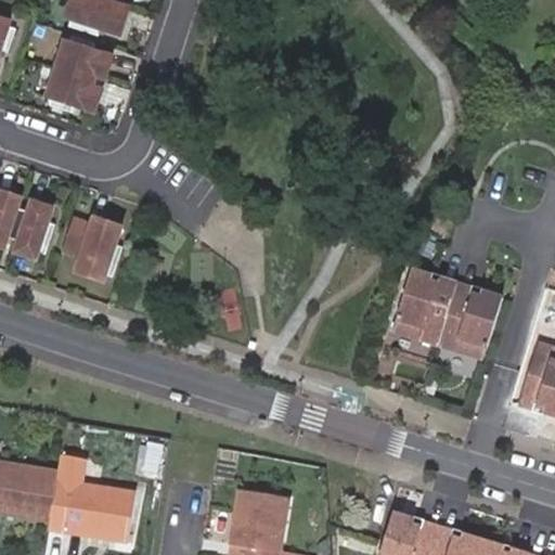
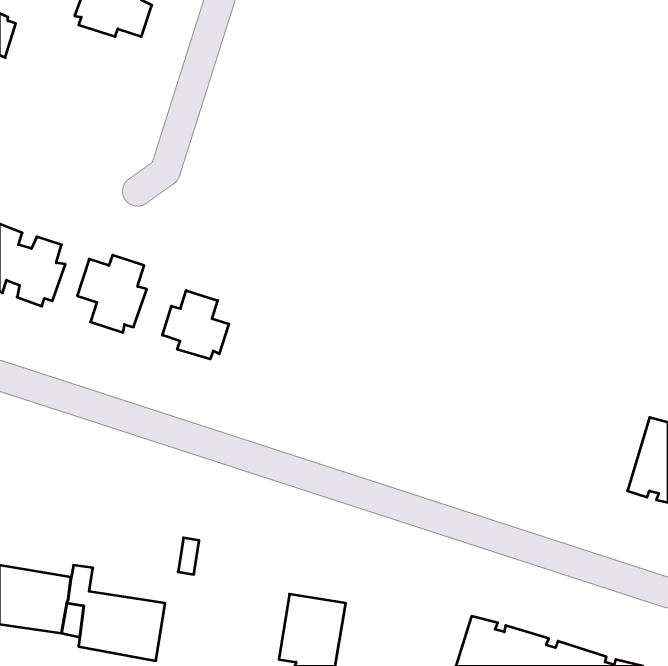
building: [44,31,109,107] -> none
building: none -> [162,290,229,359]
building: [393,271,503,360] -> none

